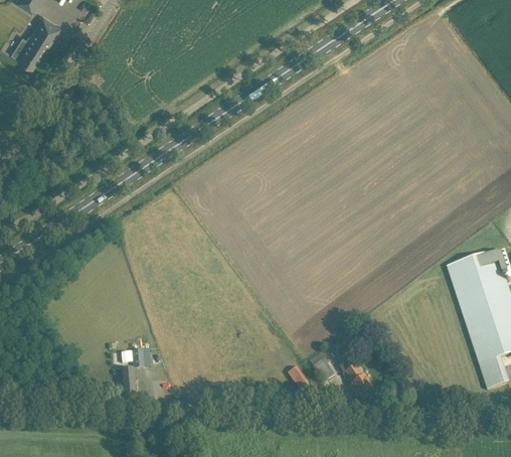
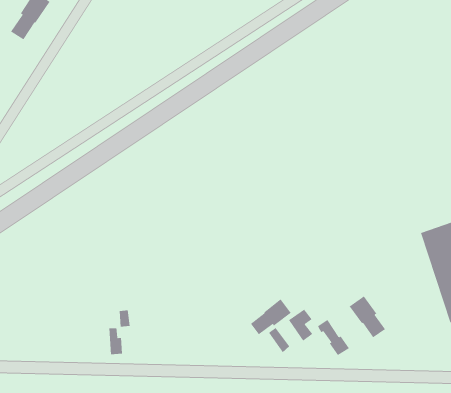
building: none -> [349,295,386,338]
building: none -> [250,299,291,335]

